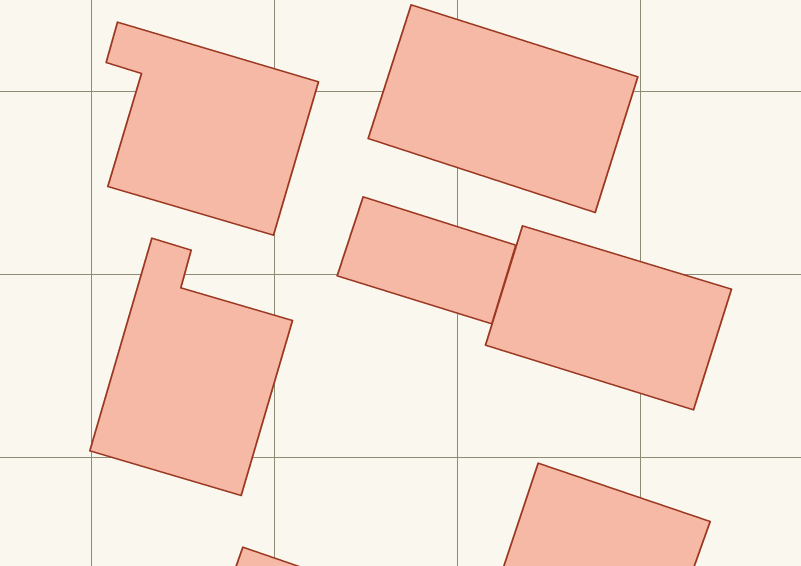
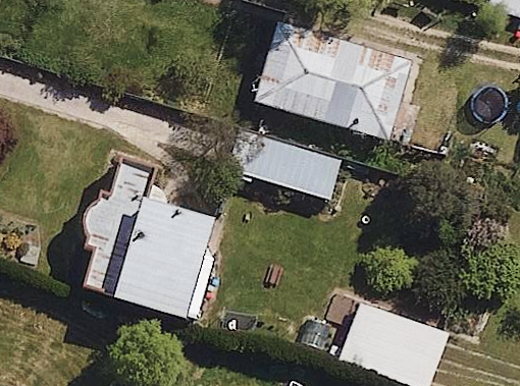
building: [106,22,318,235] -> none
building: [485,226,731,410] -> none

